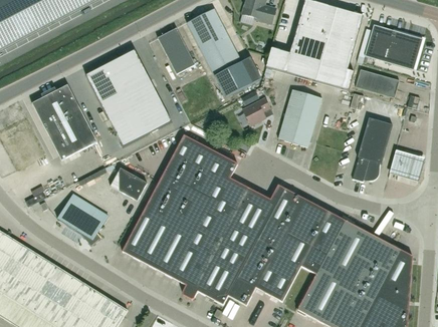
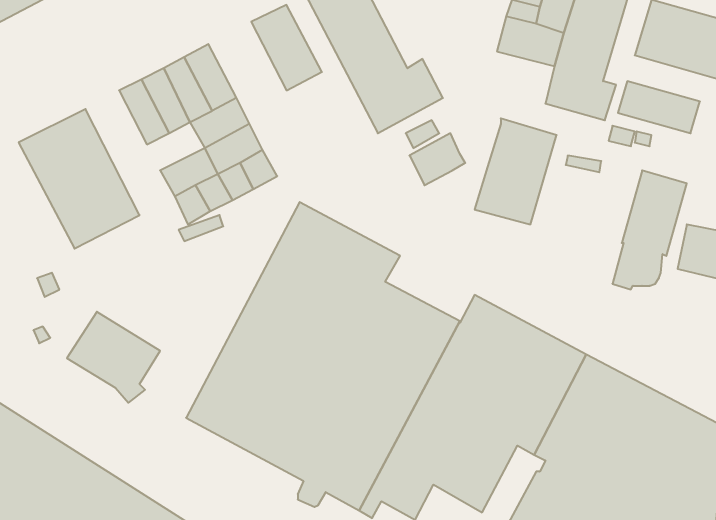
building: [265,46,320,80] -> none
building: [100,90,132,116] -> none
building: [110,167,147,200] -> none

